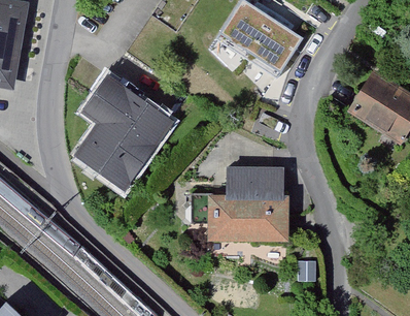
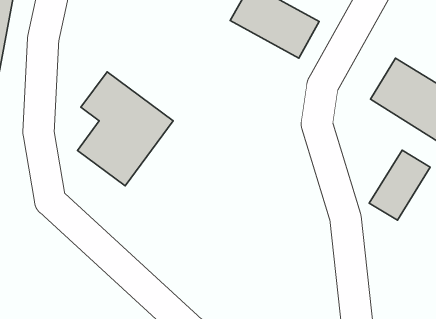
building: none -> [369,150,430,220]
building: [210,170,282,242] -> none

